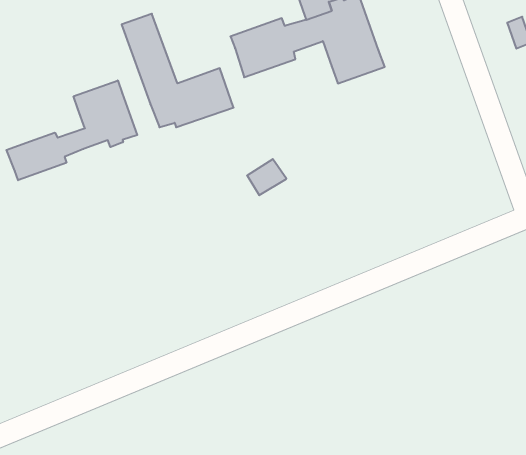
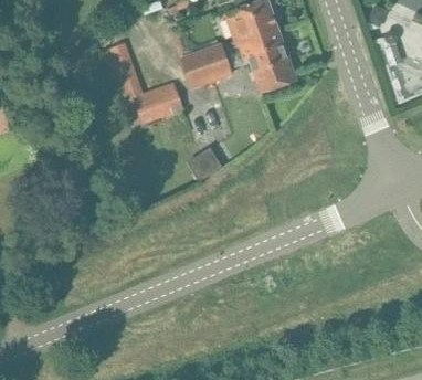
building: [6,80,137,180] -> none

